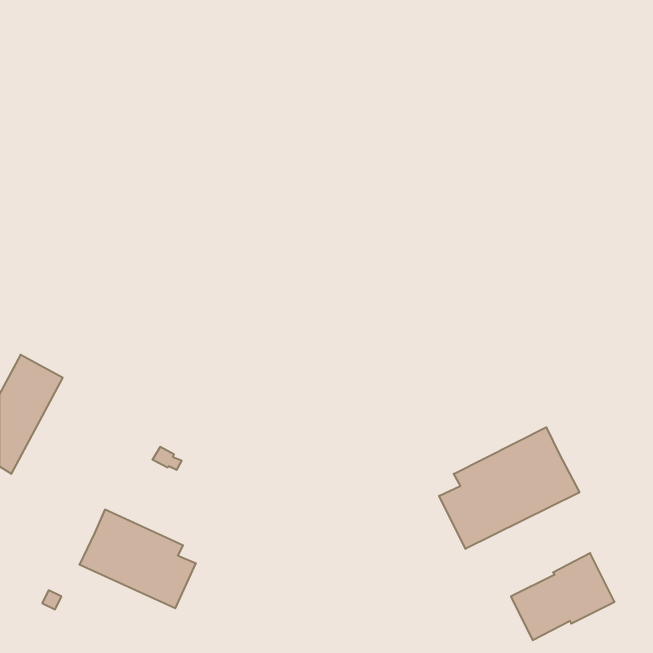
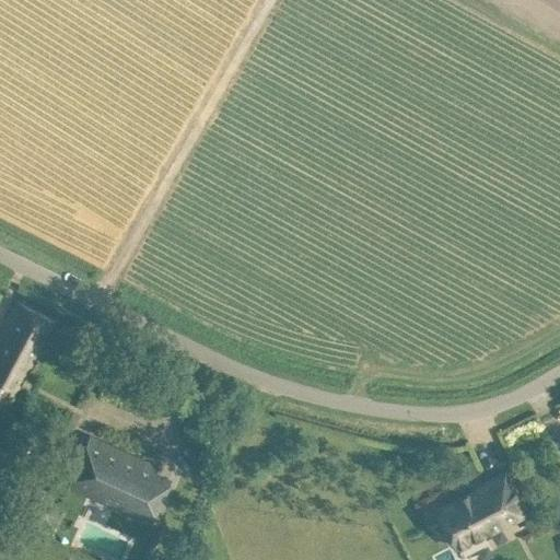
building: [439,427,579,549] -> none

